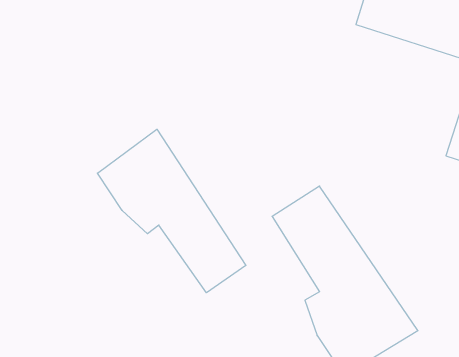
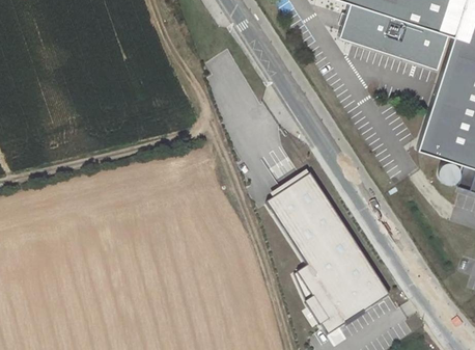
building: [97,129,246,293] -> none

